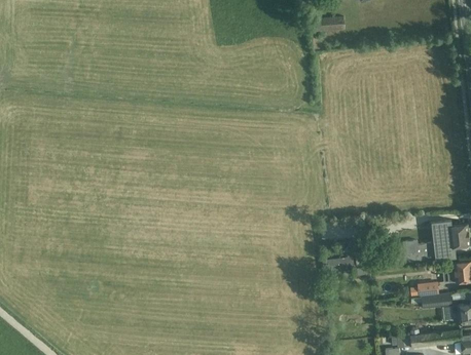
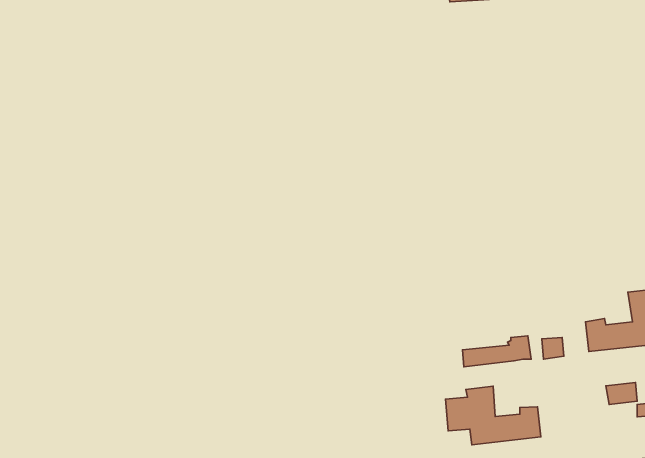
building: none -> [446,386,541,445]

